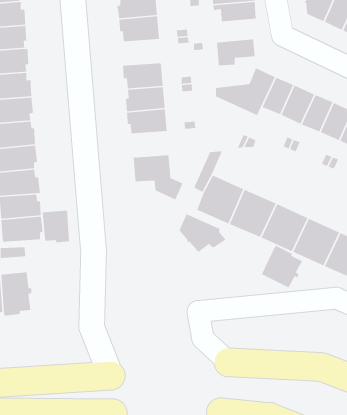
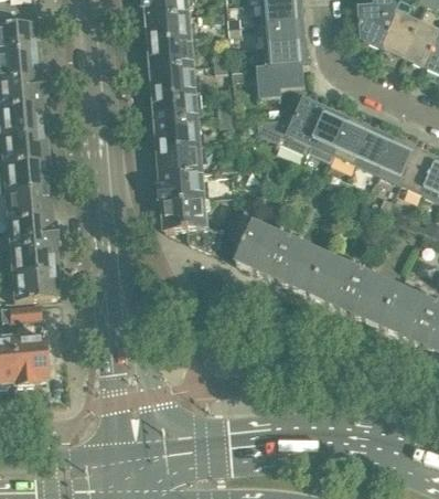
building: none -> [257,42,307,68]
building: none -> [148,65,195,95]
building: none -> [157,171,204,201]
building: [42,210,70,243] -> none
building: [179,213,227,253] -> none
building: [261,245,303,289] -> none

